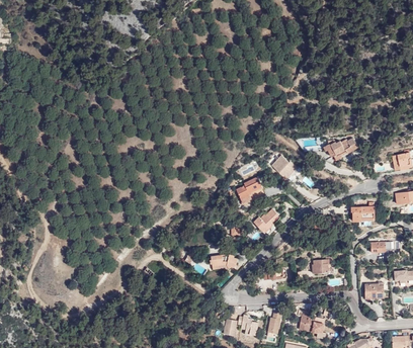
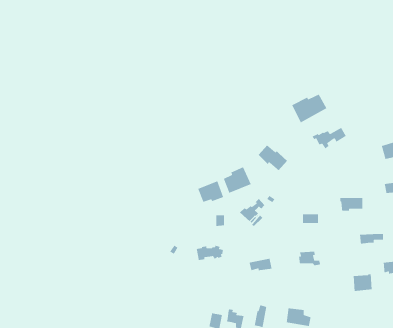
building: none -> [291,94,328,123]
building: none -> [197,180,224,203]

